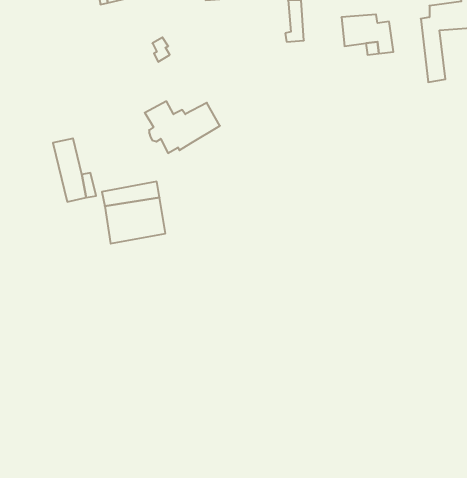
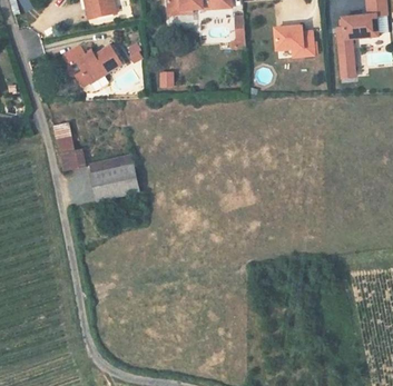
building: [145,101,220,153] -> [62,44,120,85]

